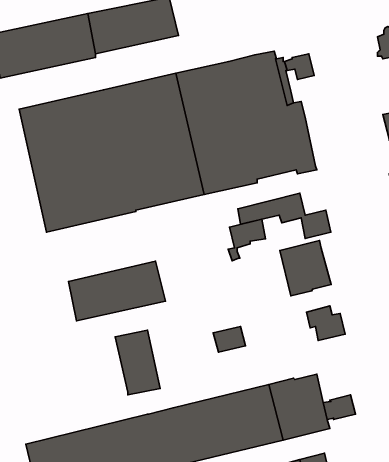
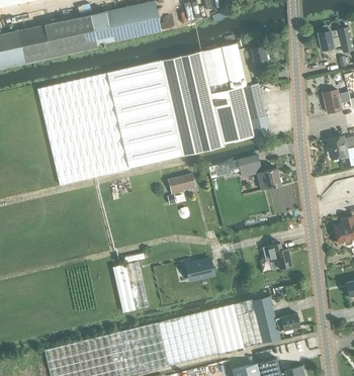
building: [228,219,266,261] -> [167,173,196,205]
building: [280,241,331,296] -> none
building: [69,261,166,321] -> none

